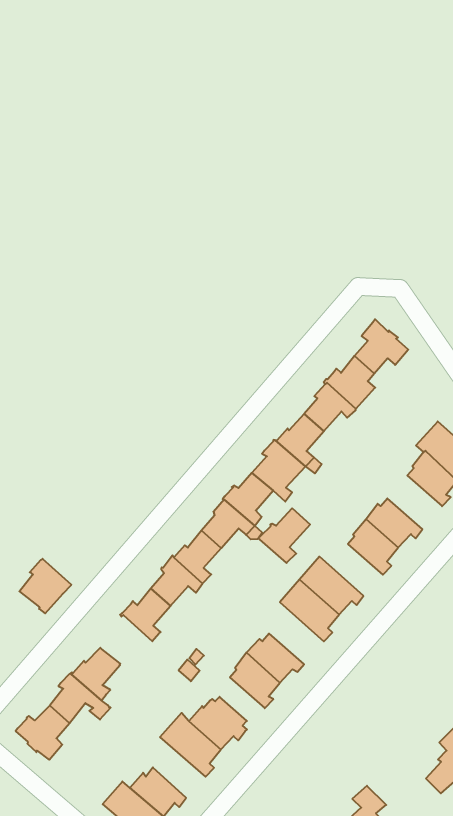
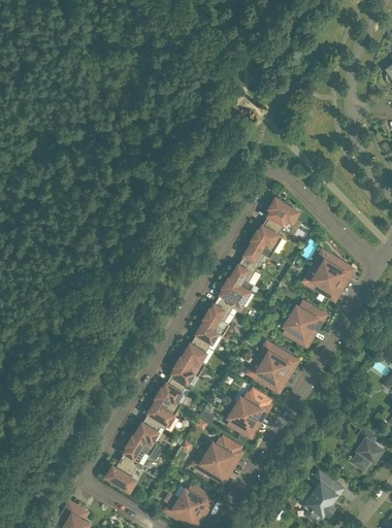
building: [258,508,310,563] -> none
building: [19,559,71,613] -> [148,396,177,428]

